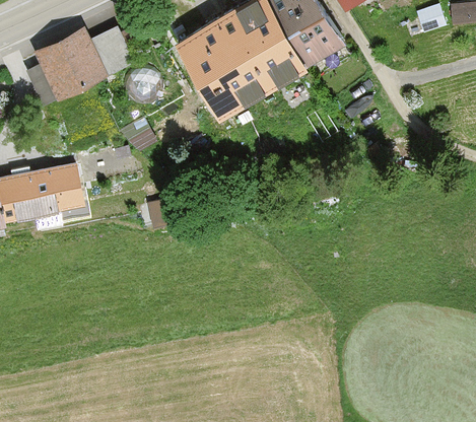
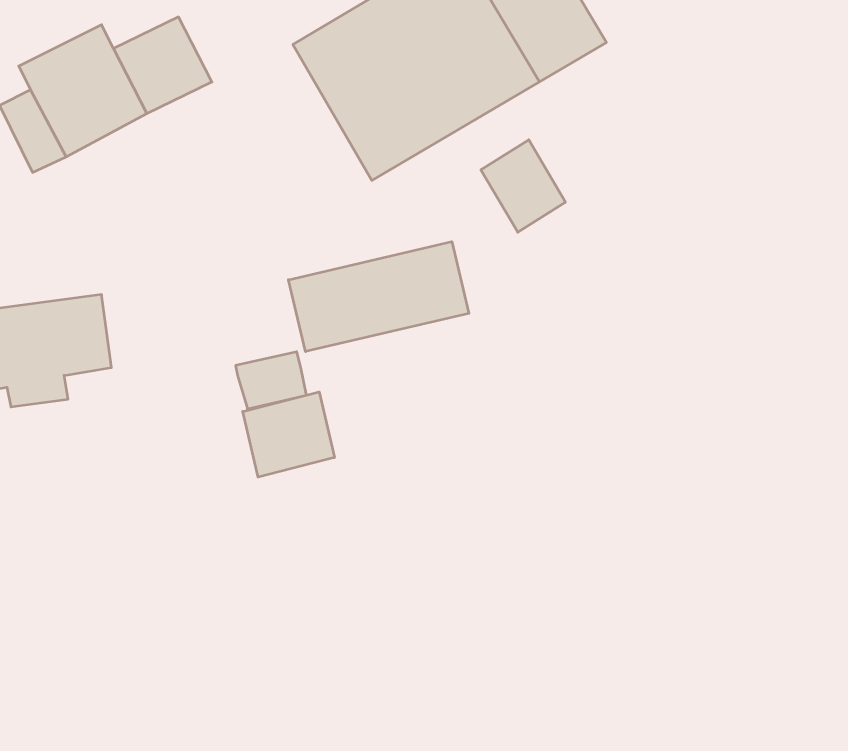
building: none -> [481,140,565,232]
building: none -> [288,242,469,352]
building: none -> [243,392,334,477]

